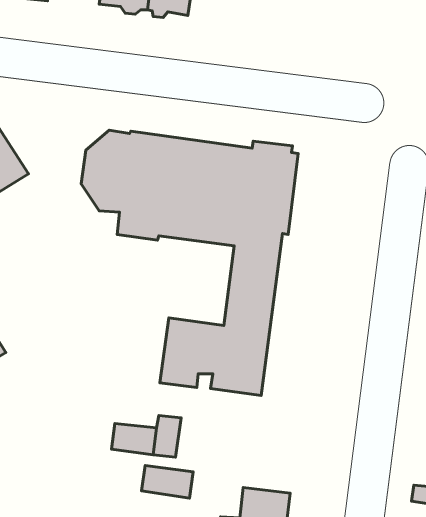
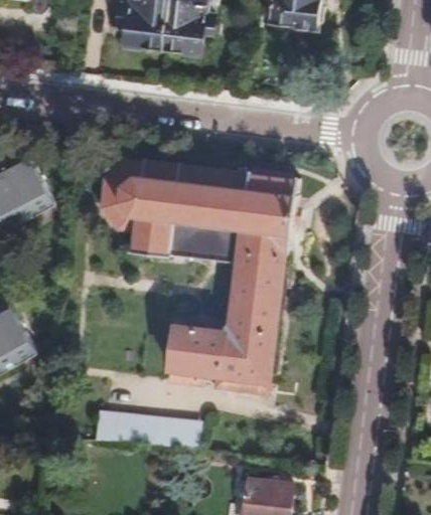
building: none -> [90,413,132,442]
building: [142,466,193,498] -> none

